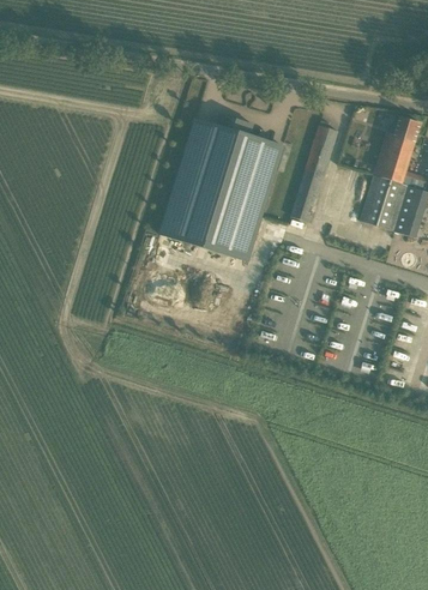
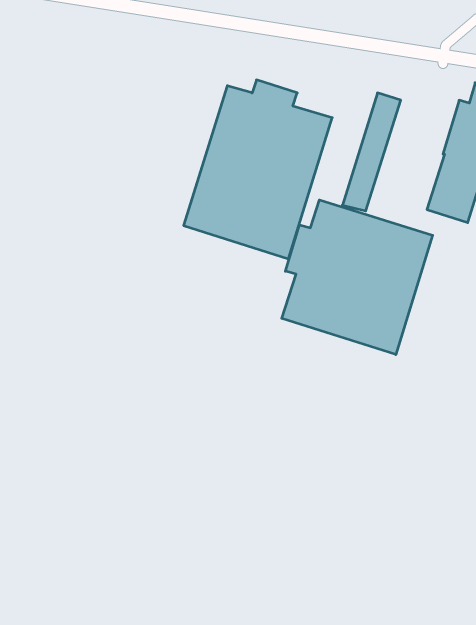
building: none -> [282,200,433,355]

